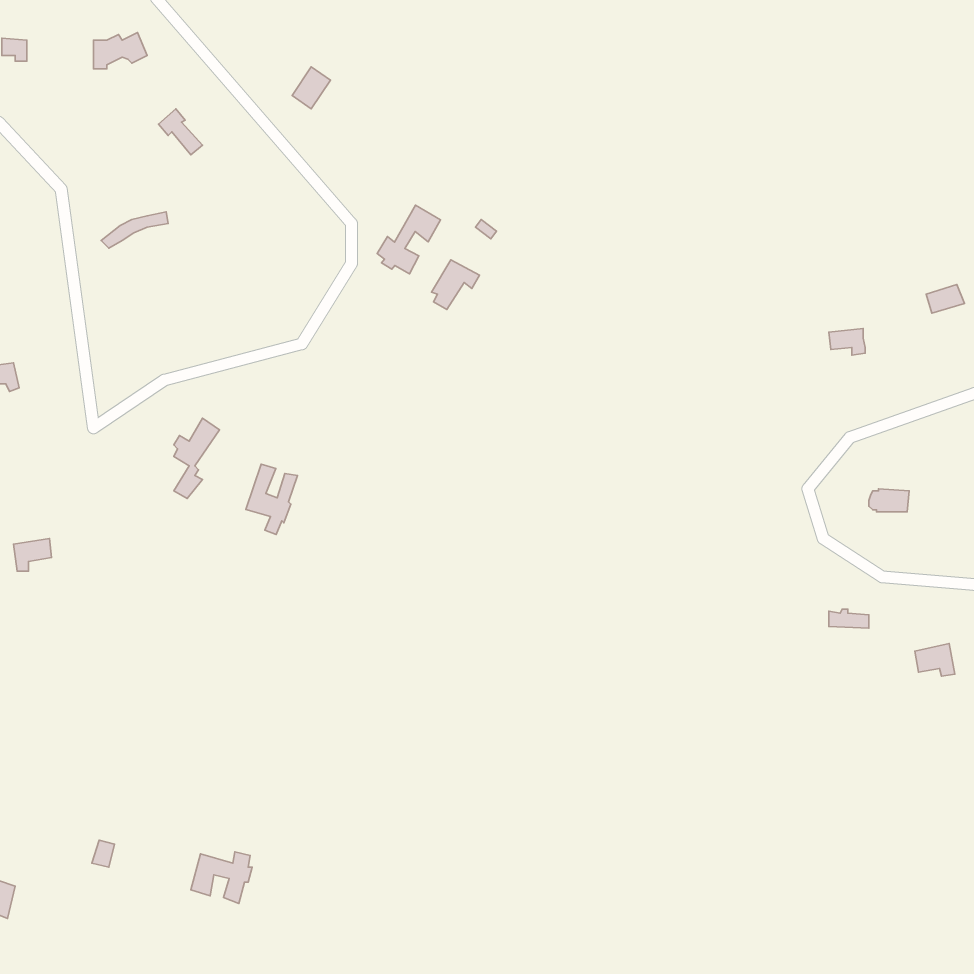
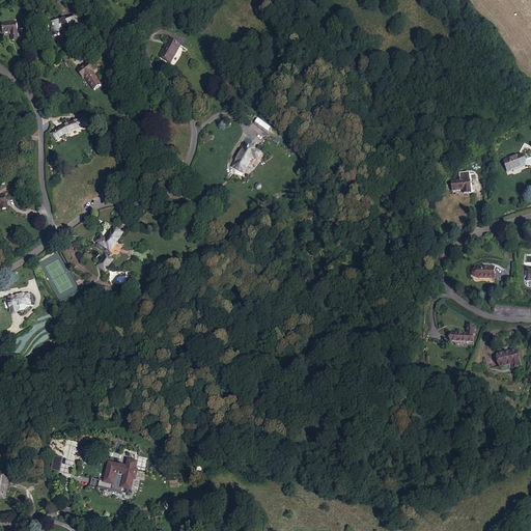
building: [377,205,441,274] -> none
building: [246,464,297,534] -> none

